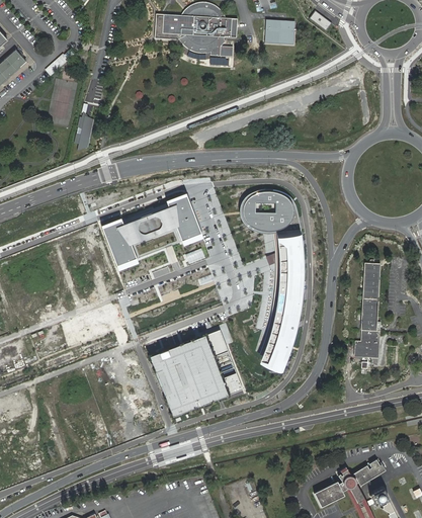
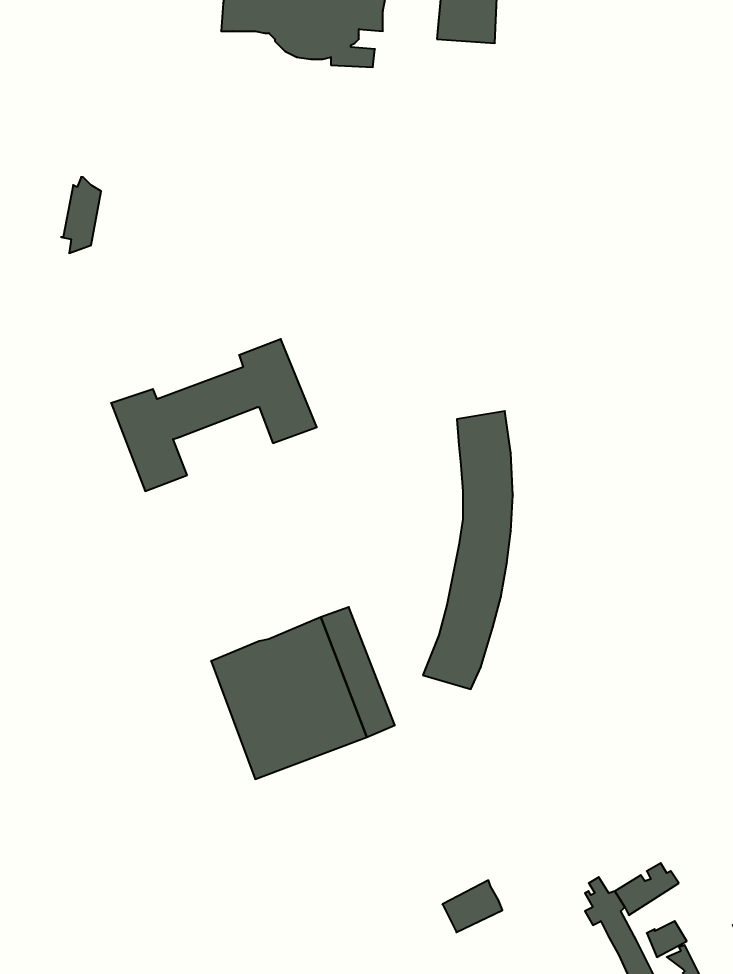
building: [241,192,291,233] -> none
building: [354,261,381,357] -> none
building: [315,481,345,507] -> [442,880,502,932]

